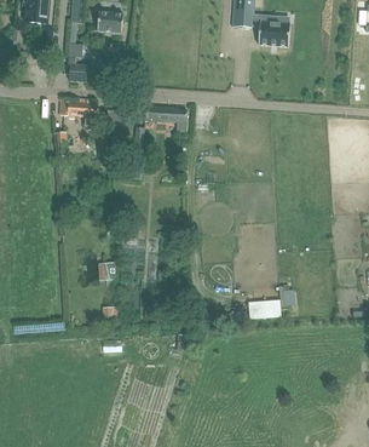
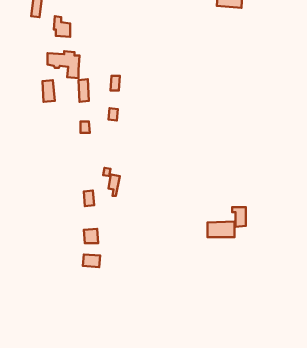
building: [144,105,186,131] -> none

